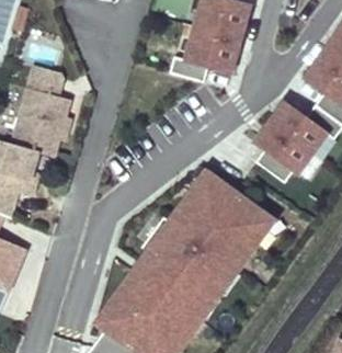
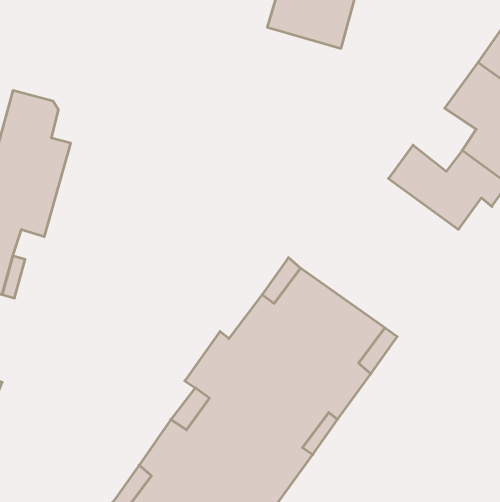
building: [169,26,239,81] -> none
building: [254,121,312,181] -> none

